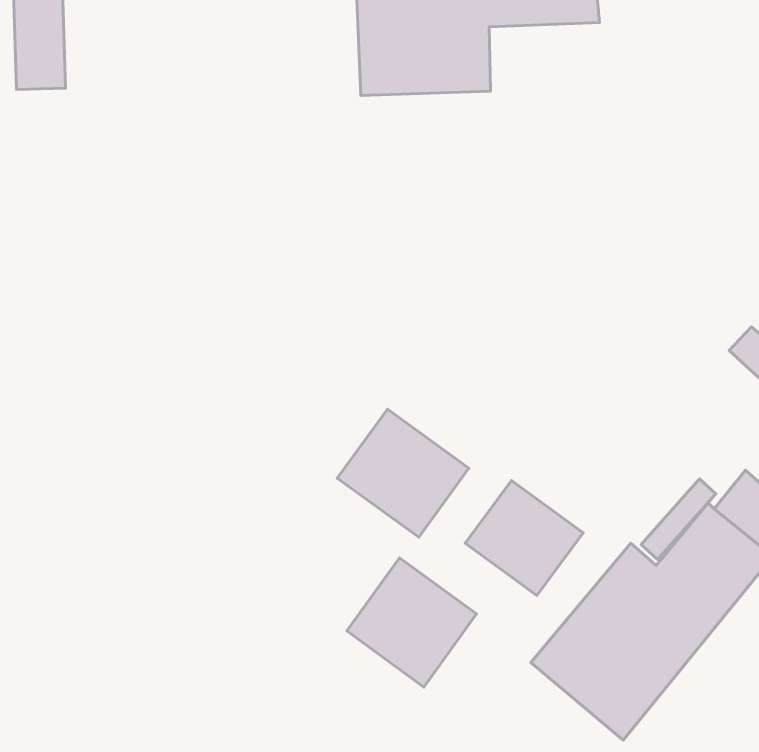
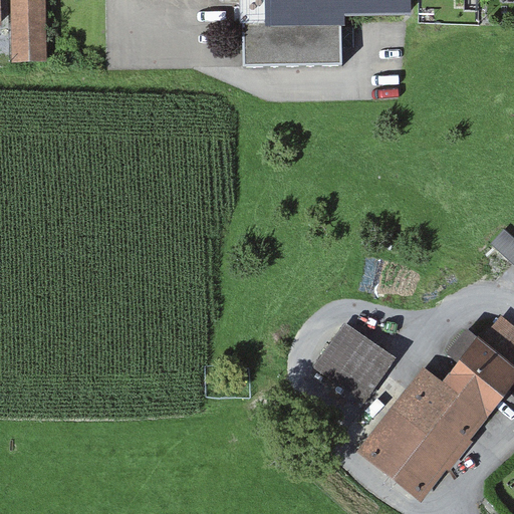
building: [337,409,469,537] -> none
building: [347,558,477,687] -> none

